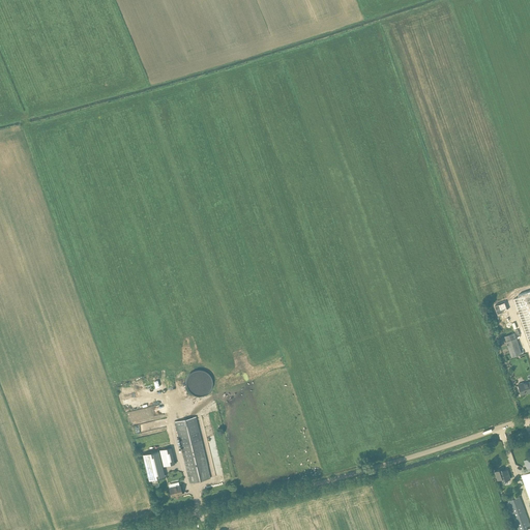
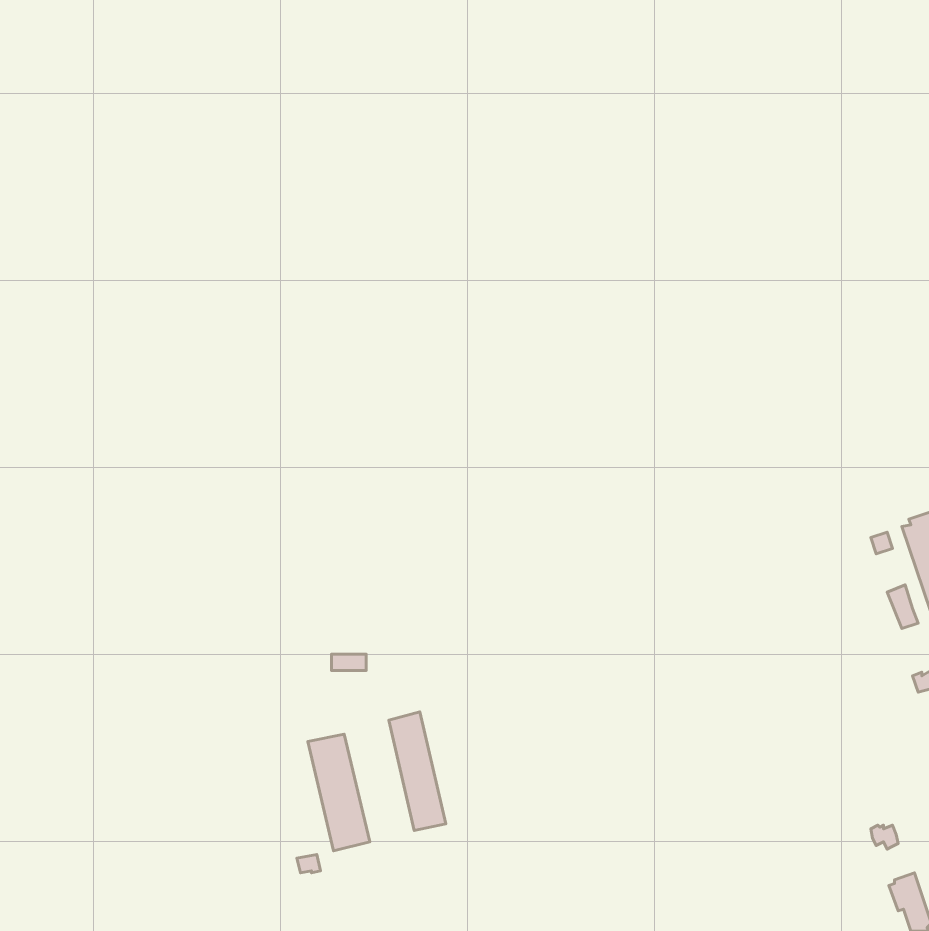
building: none -> [389,712,446,830]
building: [144,447,175,480] -> none

